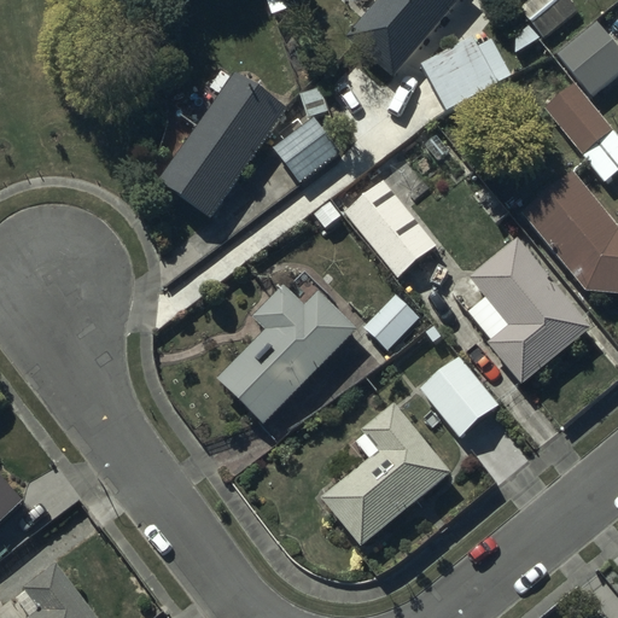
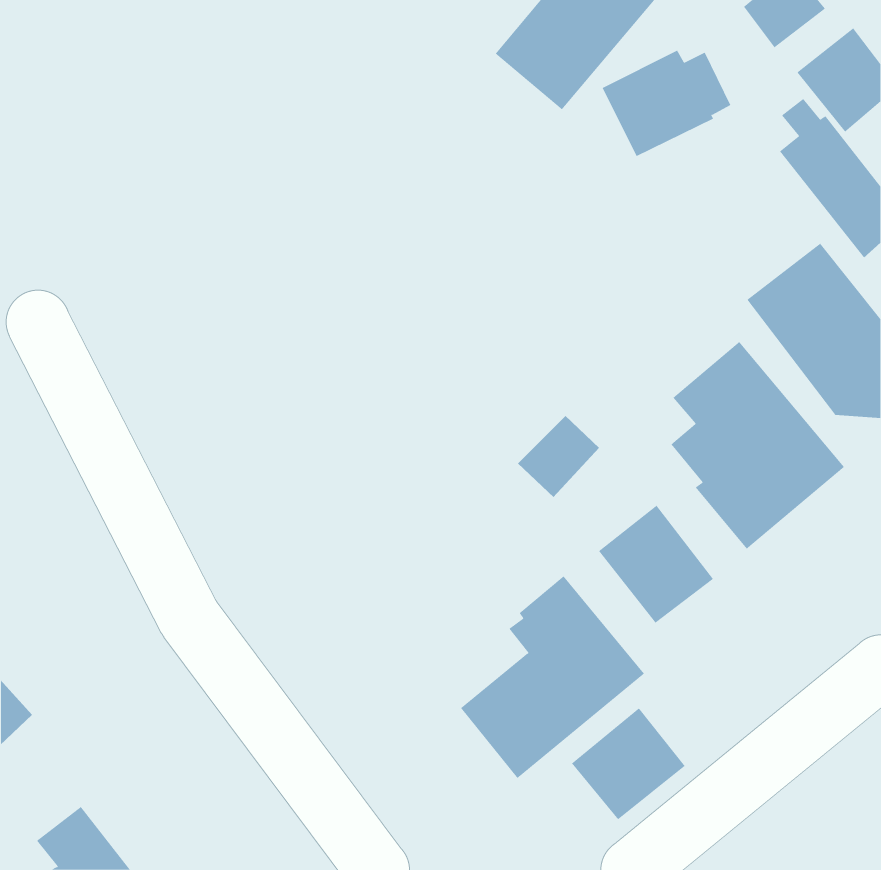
building: [158,70,286,216] -> none
building: [275,115,340,180] -> none
building: [344,180,436,275] -> none
building: [217,282,358,425] -> none
building: none -> [571,708,685,820]

